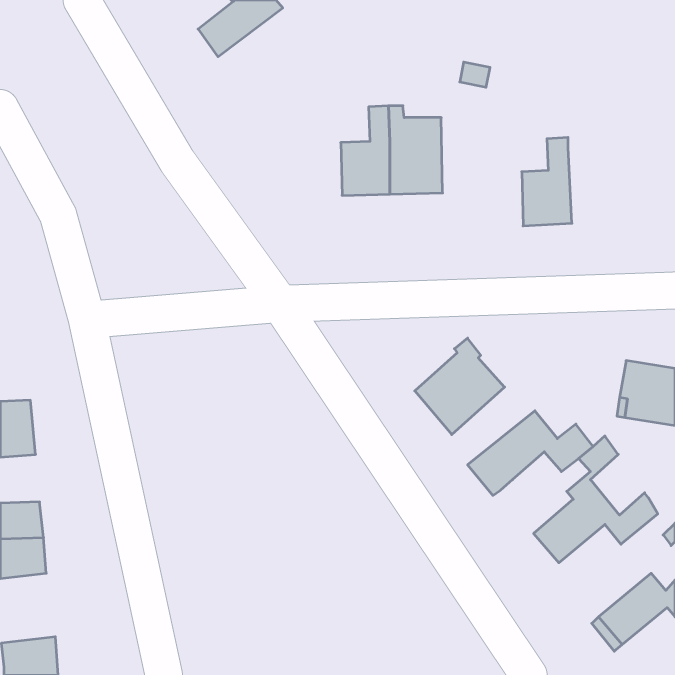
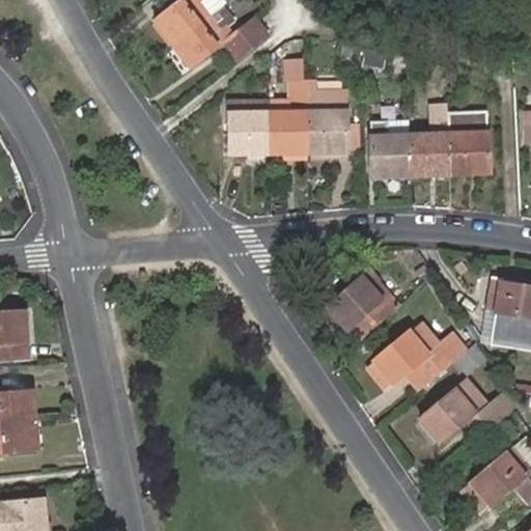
building: none -> [171,6,268,67]
building: none -> [229,101,269,155]
building: none -> [446,115,488,175]
building: none -> [367,118,411,179]

